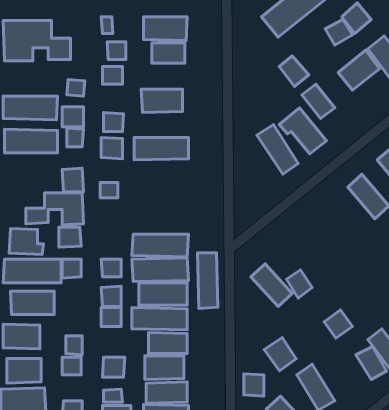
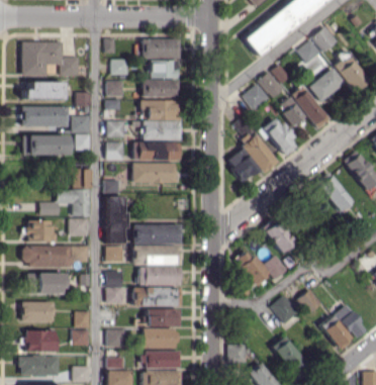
building: none -> [143,79,179,97]
building: none -> [24,82,64,99]
building: none -> [243,83,270,110]
building: none -> [291,86,330,128]
building: none -> [143,120,180,139]
building: none -> [227,149,258,182]
building: none -> [132,163,176,183]
building: none -> [262,218,295,253]
building: [198,253,218,308] -> [106,196,123,244]
building: [264,338,296,371] -> [271,295,298,323]

